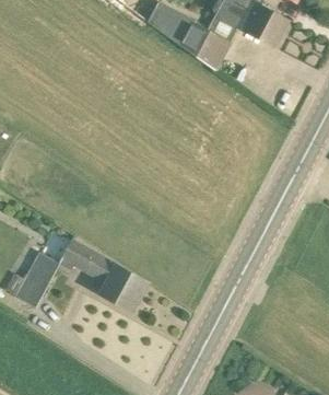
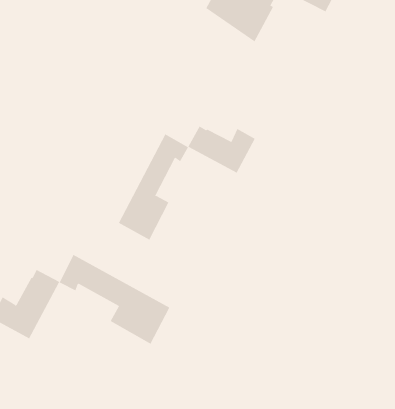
building: none -> [118,126,256,240]

